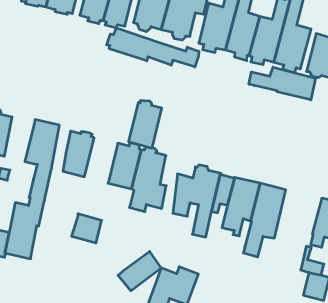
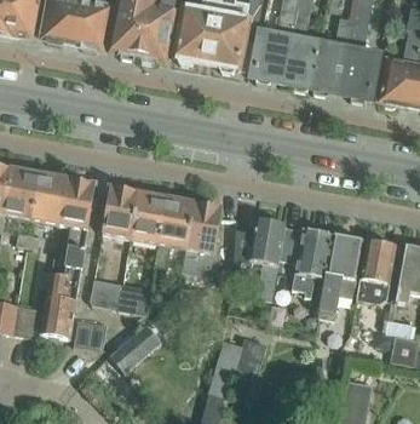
building: [107,28,199,67] -> none
building: [249,67,316,100] -> none
building: [129,101,162,148] -> [127,190,163,245]
building: none -> [33,172,65,225]
building: none -> [356,240,396,304]
building: none -> [90,279,122,309]
building: none -> [74,320,107,350]
building: [118,251,161,291] -> [109,326,159,373]

